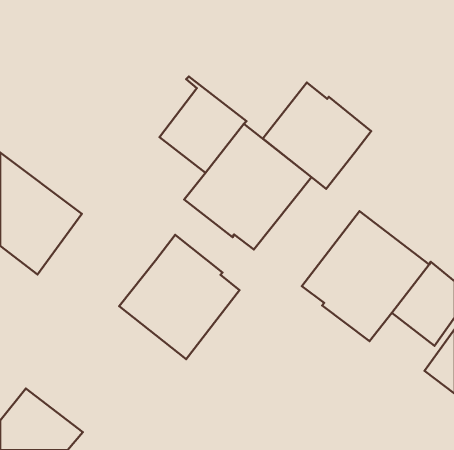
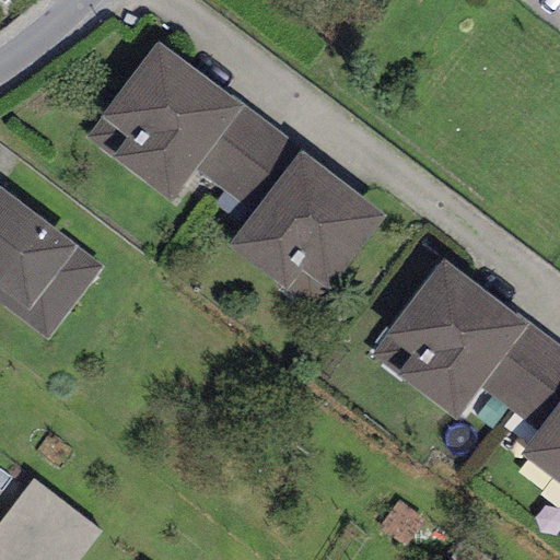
building: none -> [86,42,243,203]
building: [263,83,371,189] -> none
building: [119,235,240,359] -> none

